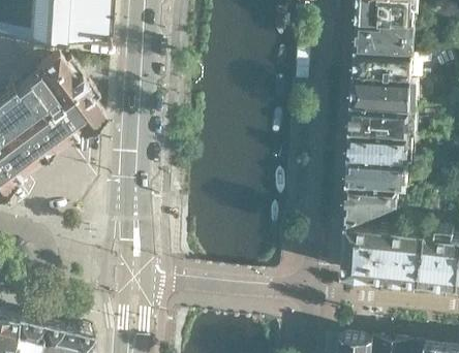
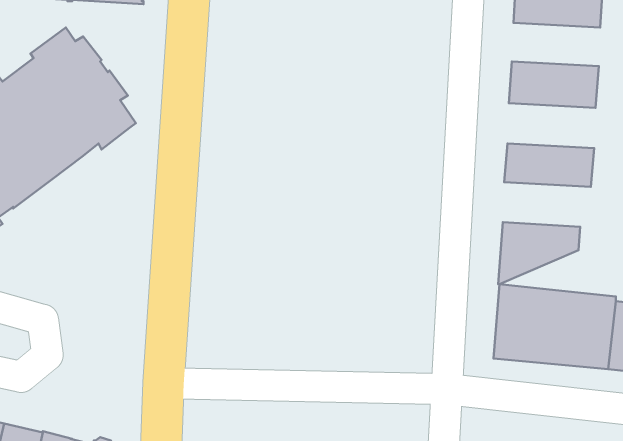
building: [354,49,412,77] -> none
building: [350,102,416,133] -> none
building: [347,155,406,185] -> none

